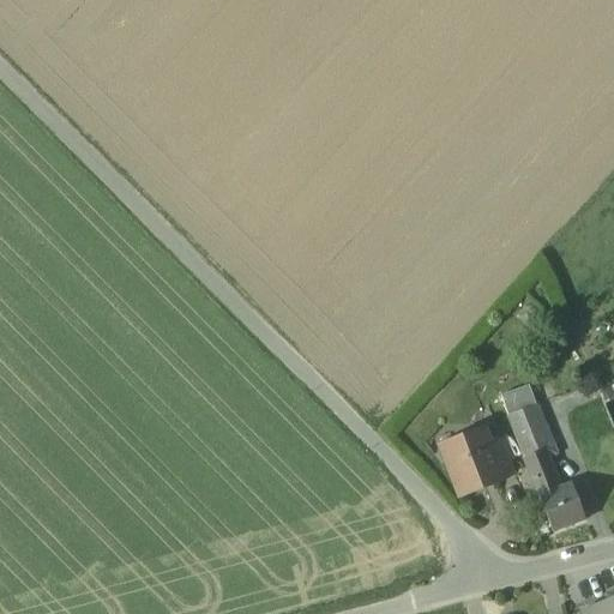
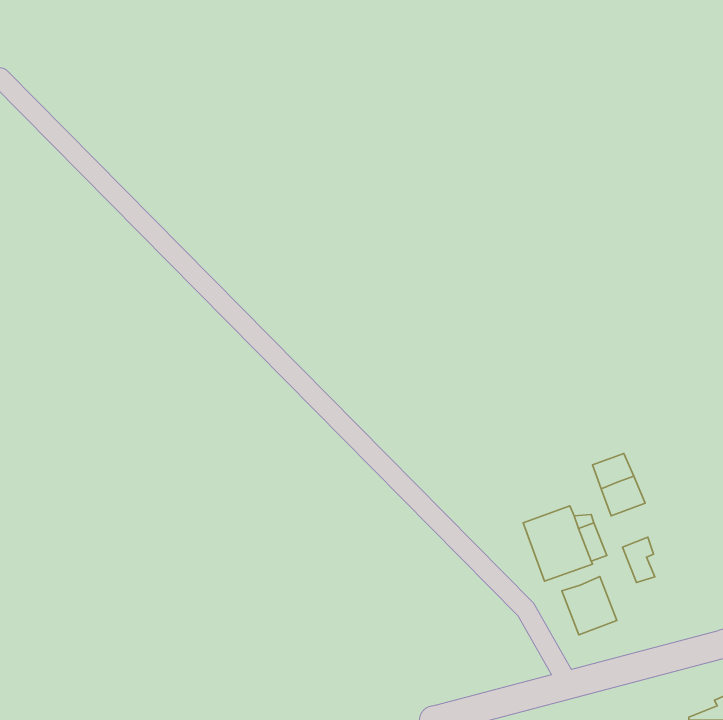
building: [518,426,558,463] -> none
building: [540,481,586,530] -> [562,577,617,635]

